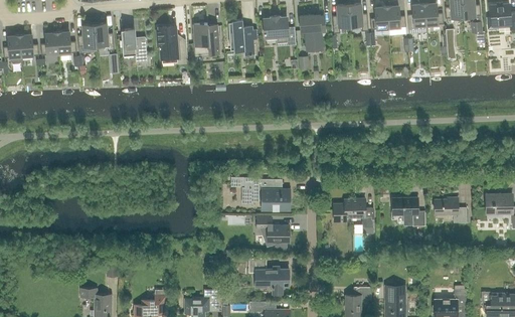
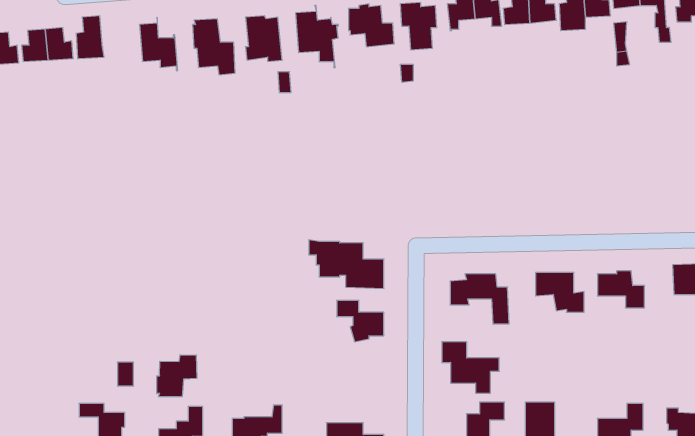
building: [94,23,114,50] -> none
building: none -> [157,355,197,397]
building: [248,258,288,293] -> [442,342,499,393]

